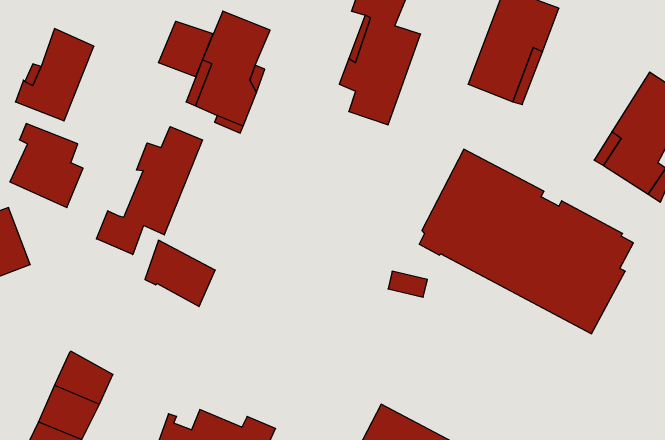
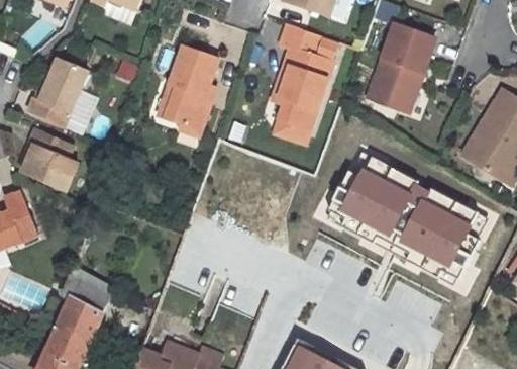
building: [158,21,213,77] -> none
building: [96,127,202,255] -> none
building: [145,240,215,307] -> [61,266,113,315]

